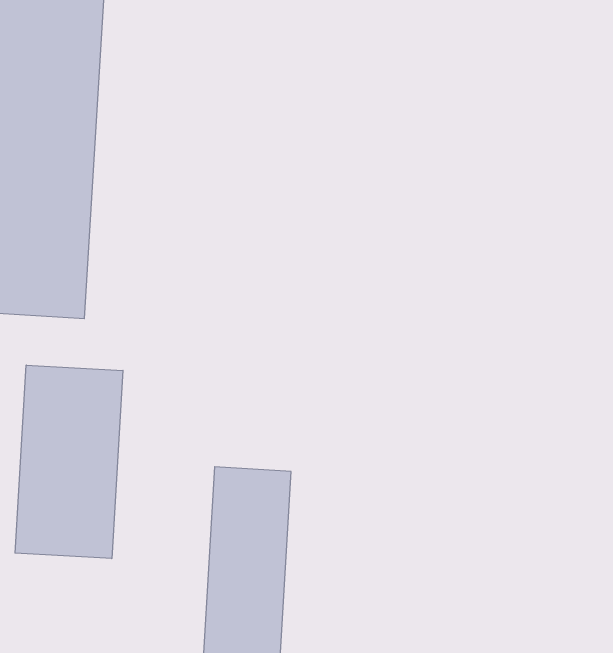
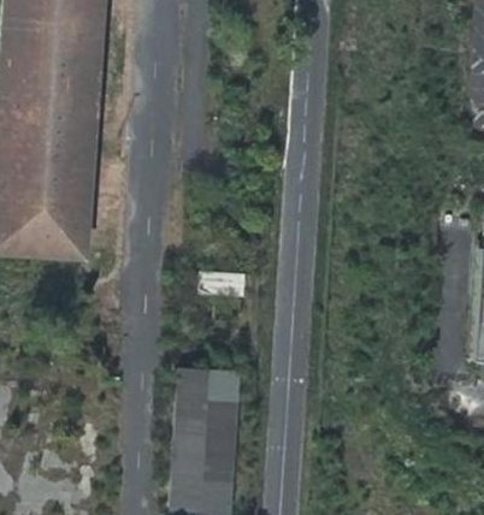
building: [15,365,123,559] -> none

